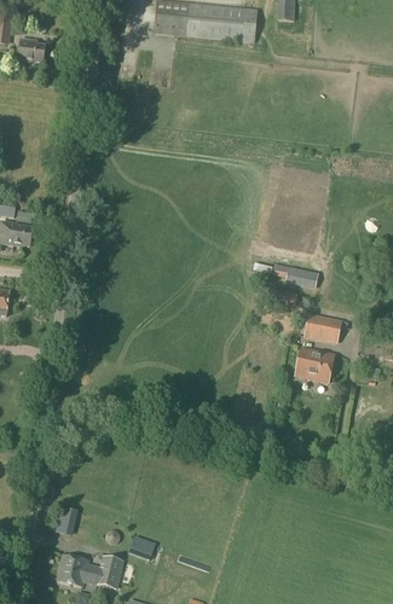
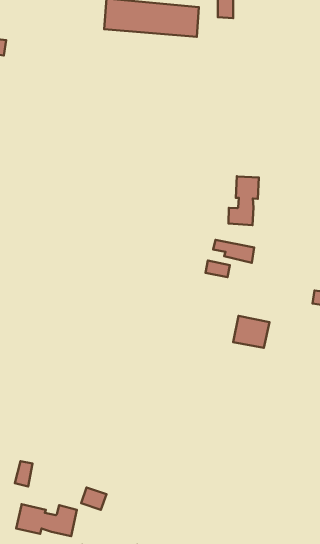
building: none -> [229,176,259,225]
building: [305,313,341,341] -> none

